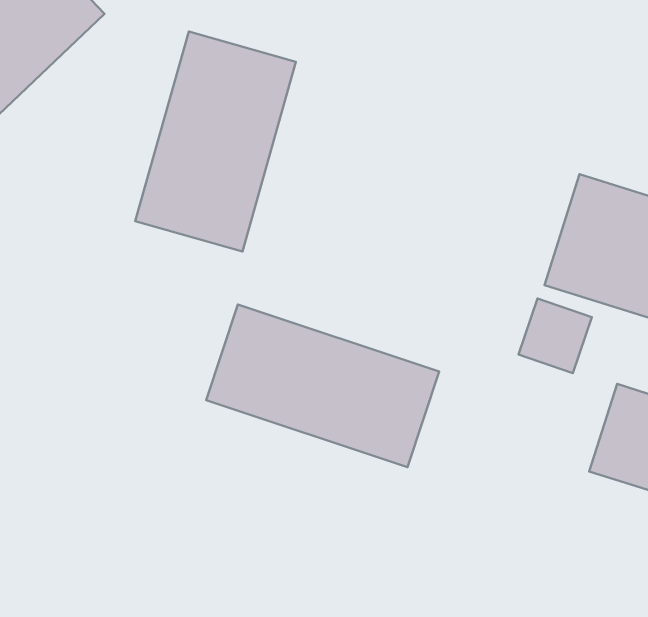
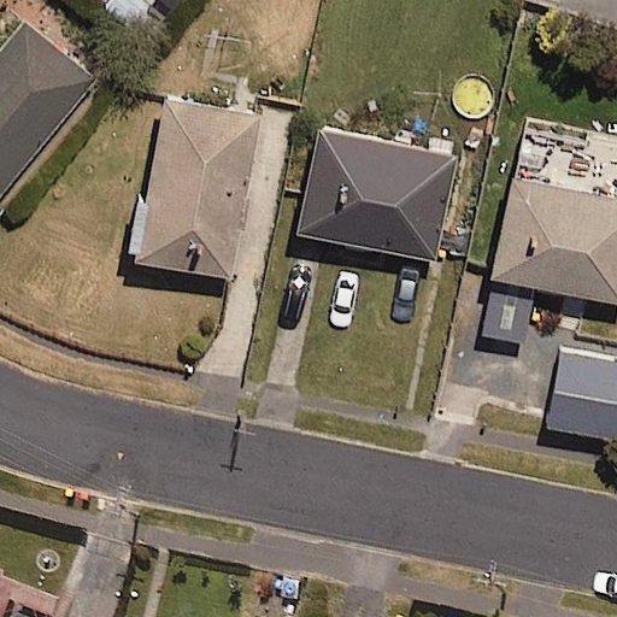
building: none -> [293,128,457,263]
building: [206,305,439,467] -> none

